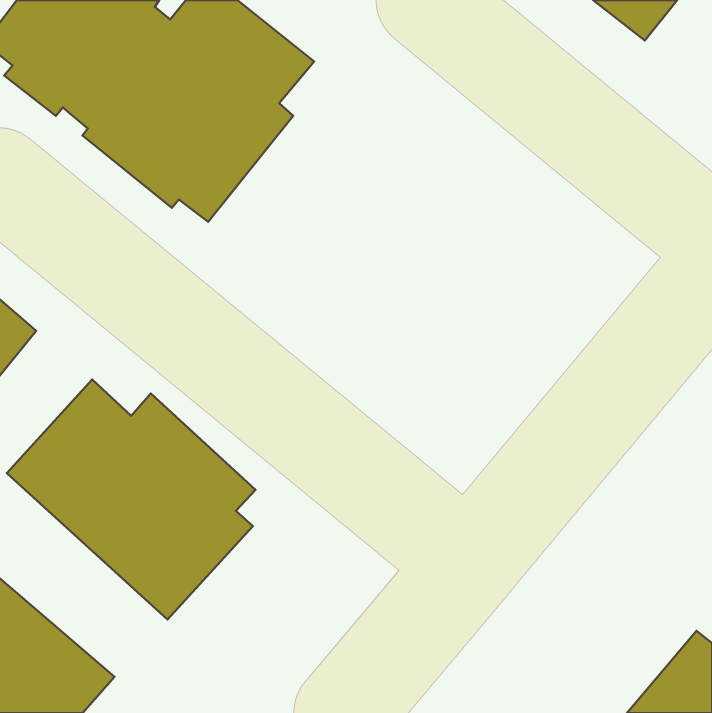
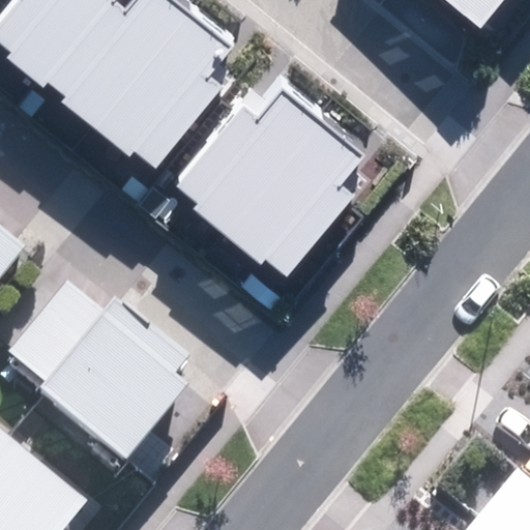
building: none -> [175,86,365,275]

